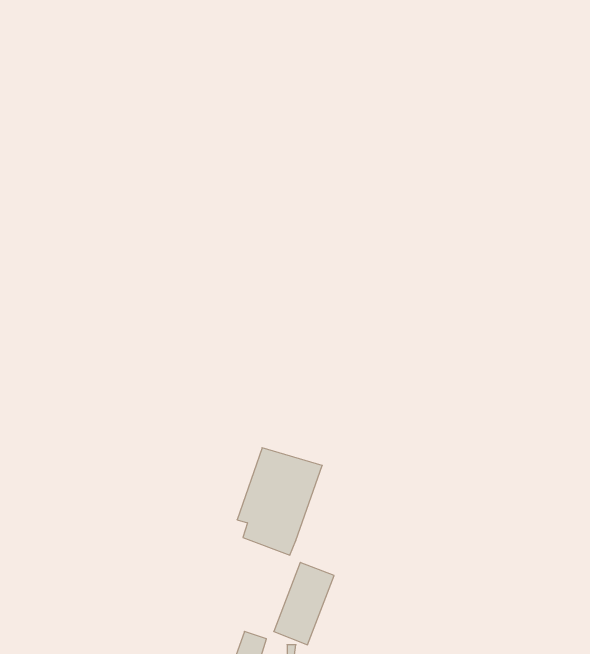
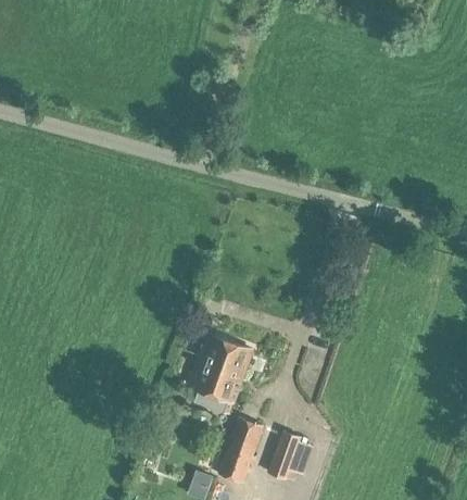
building: none -> [268,430,313,480]

